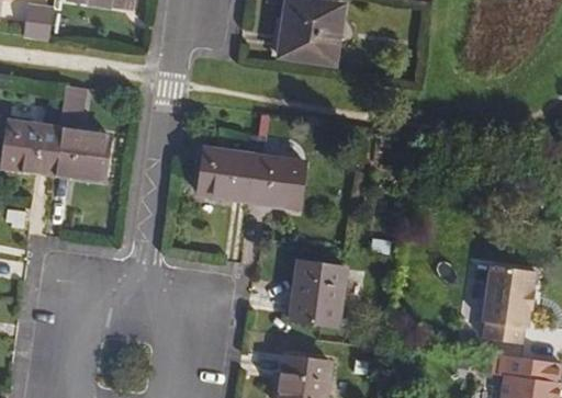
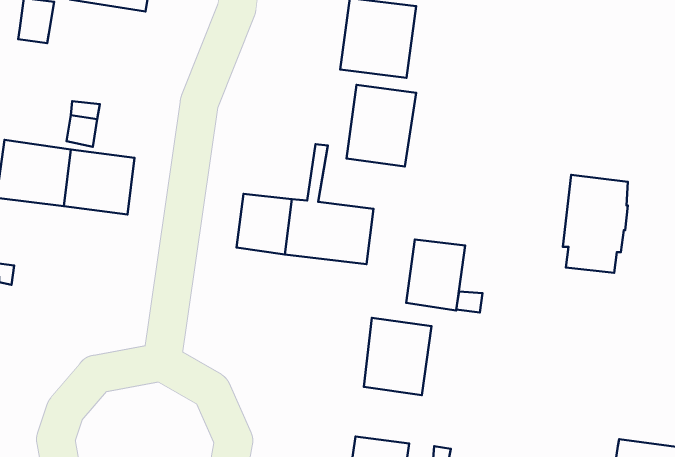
building: none -> [346,85,416,166]
building: none -> [406,239,465,310]
building: [482,263,533,341] -> [563,175,628,273]

